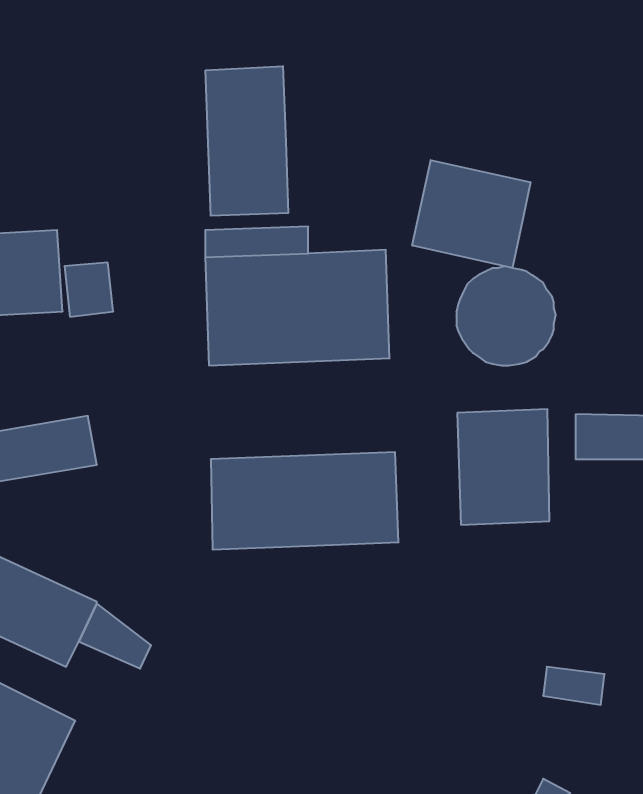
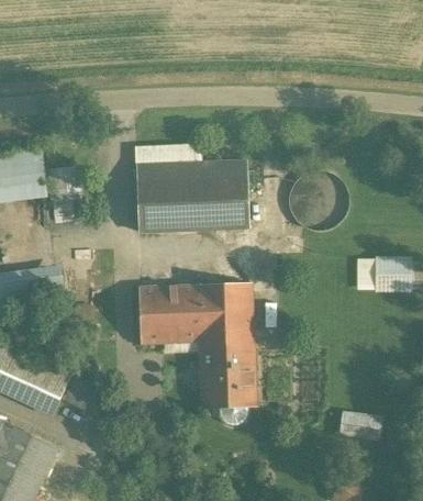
building: [206,66,288,216] -> none
building: [412,160,530,268] -> none
building: [457,409,549,525] -> [198,338,254,409]

